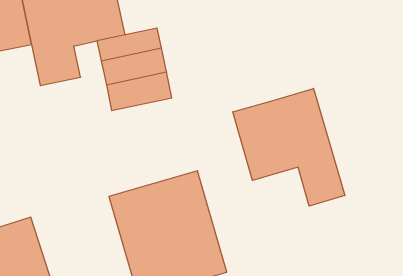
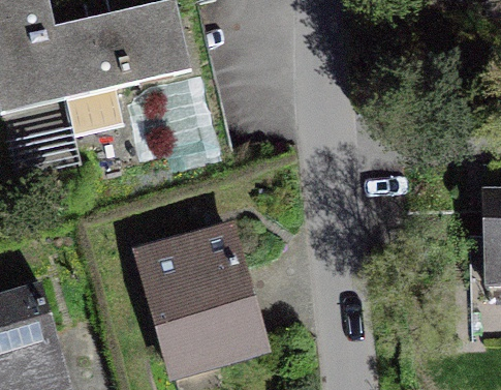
building: [233,88,345,206] -> none

